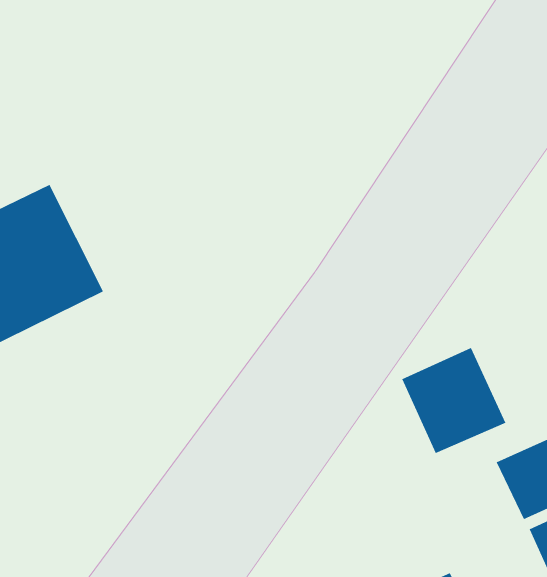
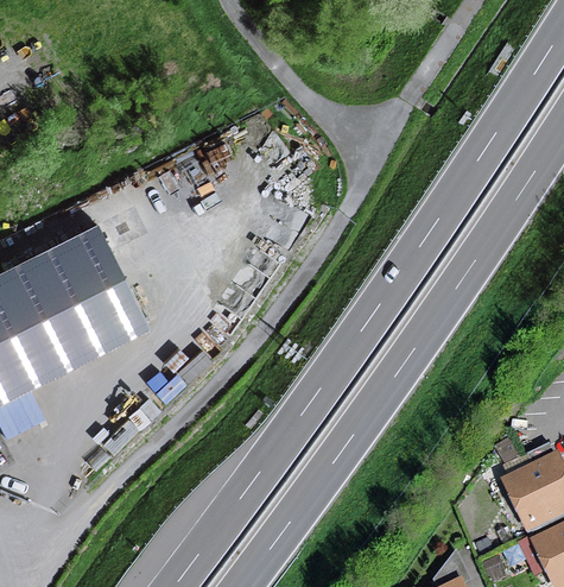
building: [402,347,506,454] -> none

